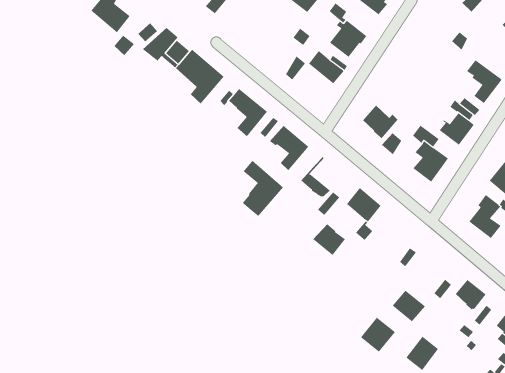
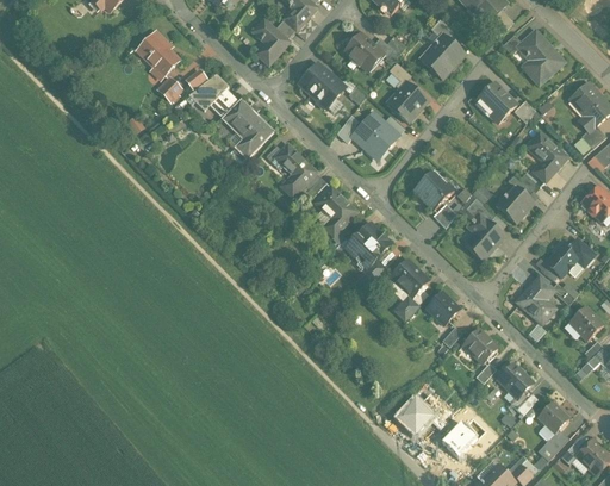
building: none -> [299,63,344,107]
building: none -> [475,82,516,123]
building: none -> [350,124,387,161]
building: [241,160,284,217] -> none
building: none -> [425,292,459,325]
building: [312,223,346,256] -> [355,225,391,260]
building: [392,290,426,322] -> [462,329,498,363]

